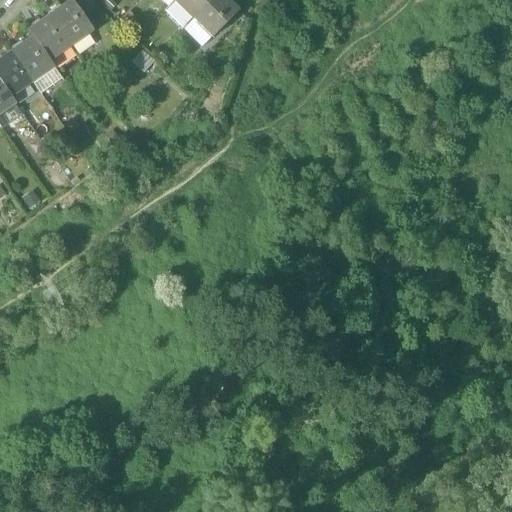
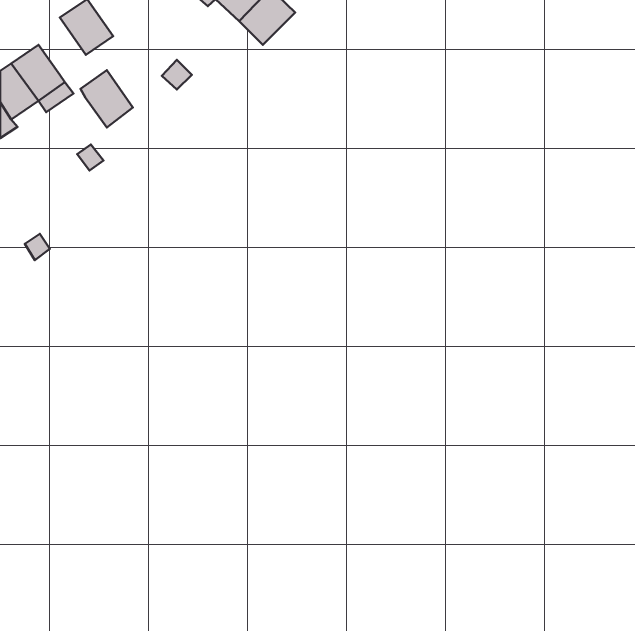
building: [28,14,70,60] -> [81,70,133,128]

